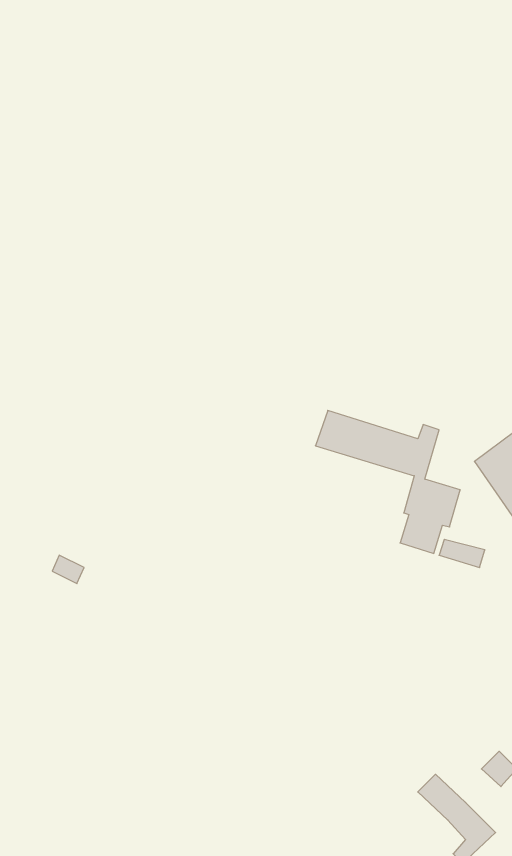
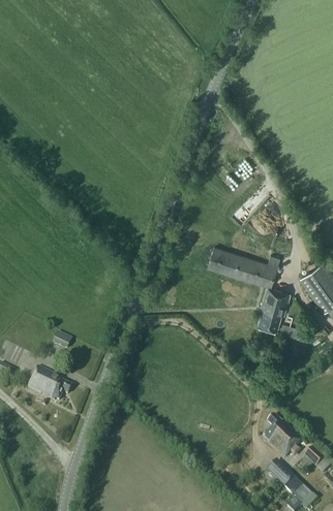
building: none -> [28,366,71,401]
building: none -> [263,414,303,458]

